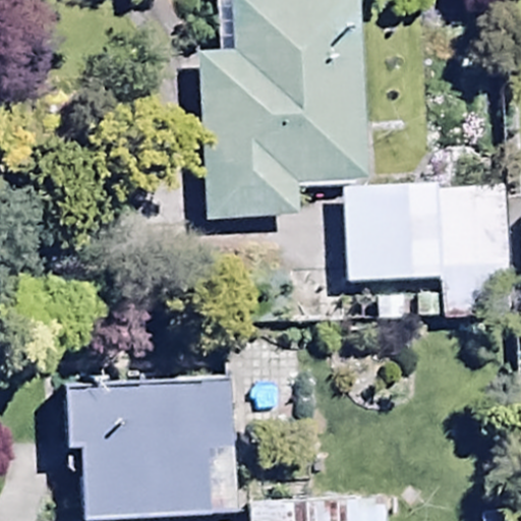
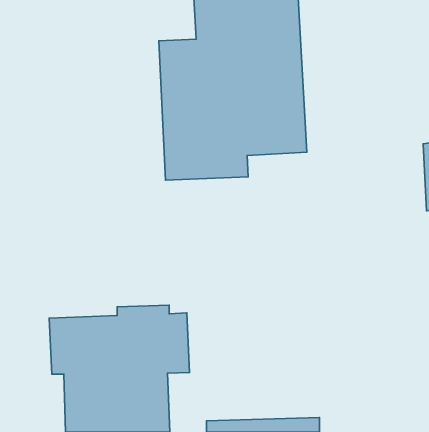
building: [345,185,511,324] -> none

